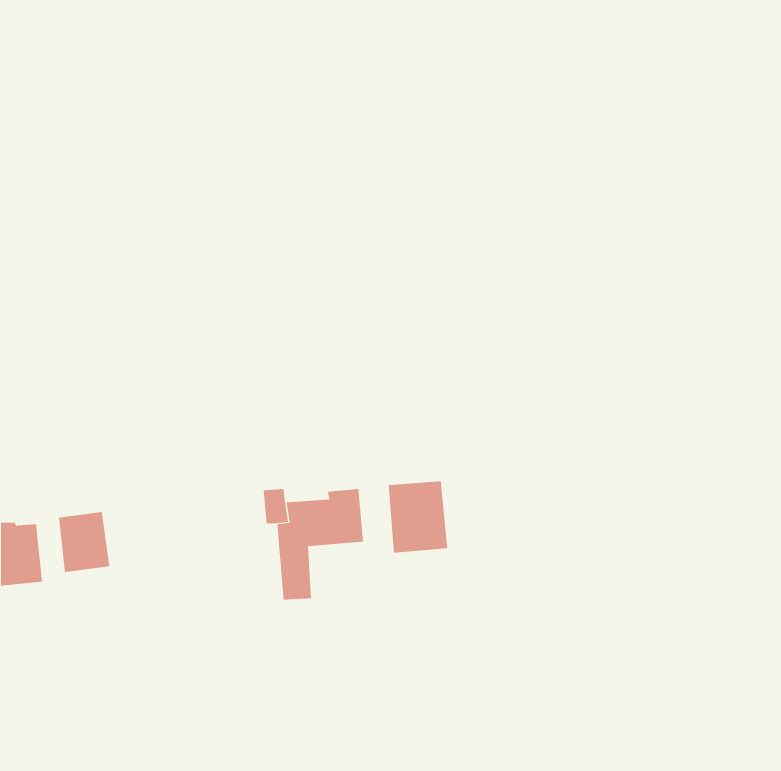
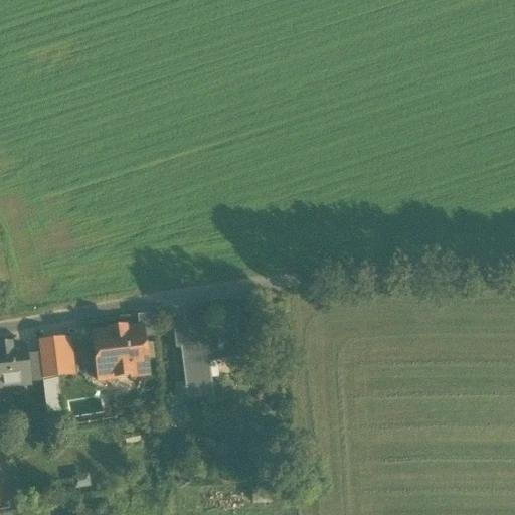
building: [388,480,448,553] -> none
building: none -> [94,327,147,377]

